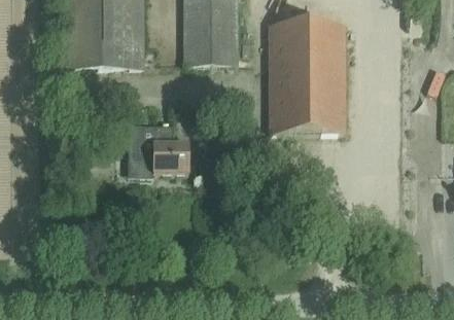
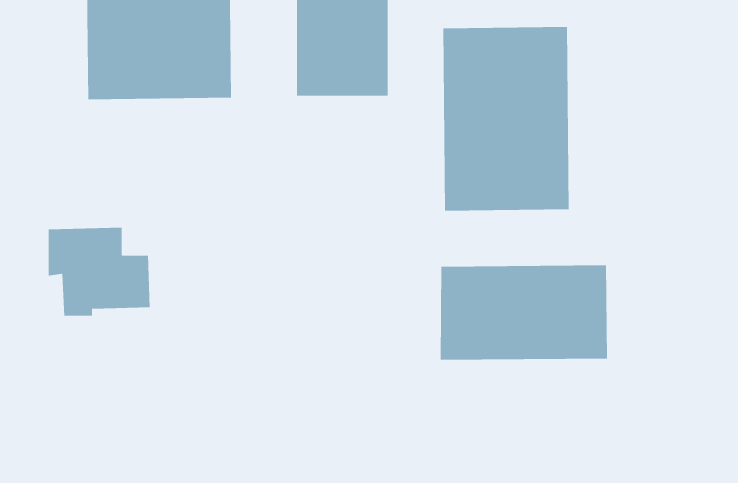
building: [128,125,188,177] -> [48,227,150,316]
building: none -> [440,265,607,361]

